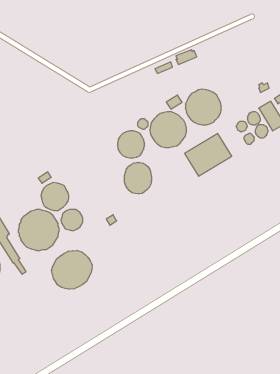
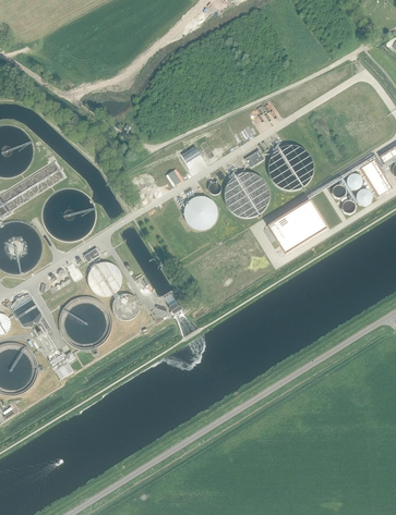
building: [125,162,151,194] -> none
building: [52,250,92,289] -> none

